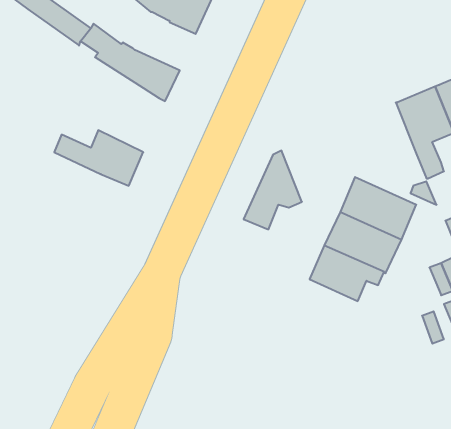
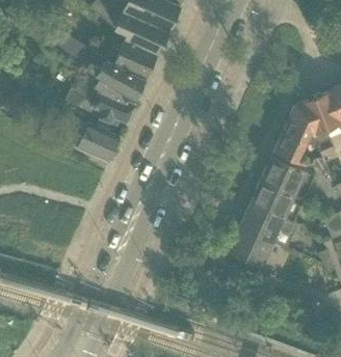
building: none -> [114,36,158,78]
building: none -> [67,68,134,125]
building: [244,151,302,229] -> [273,101,315,157]
building: none -> [228,226,273,274]

